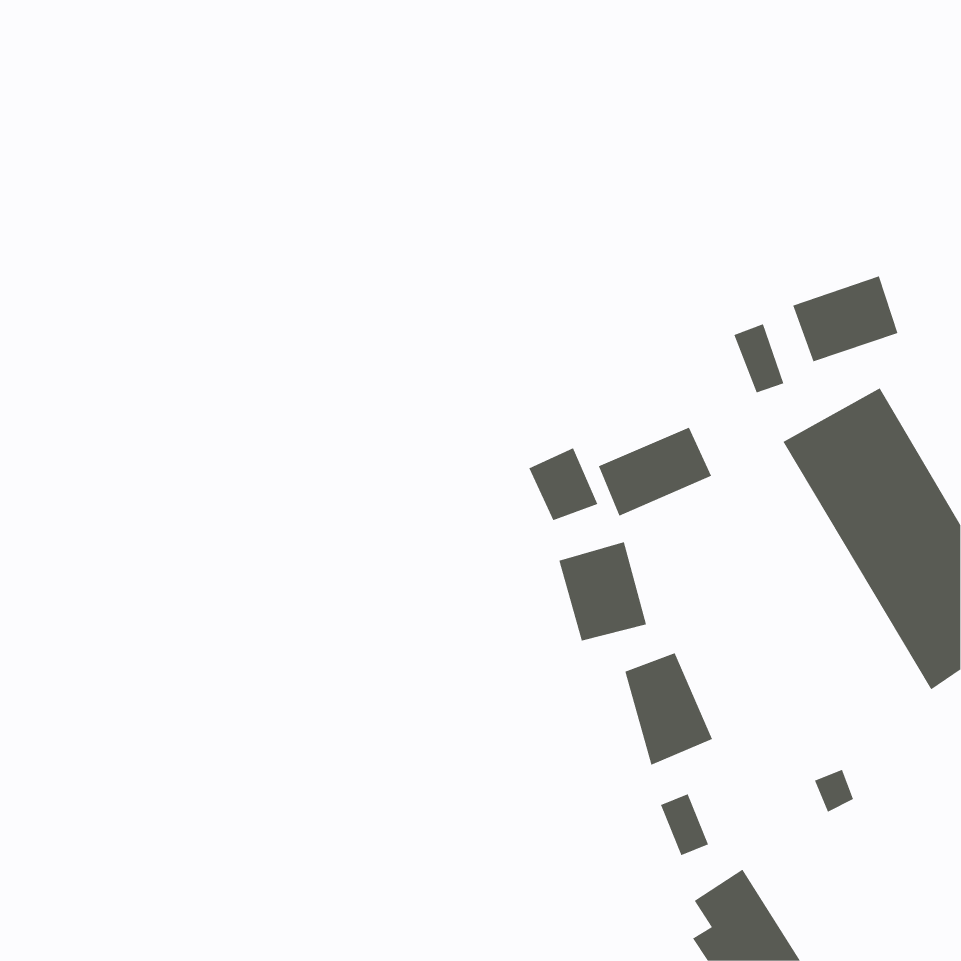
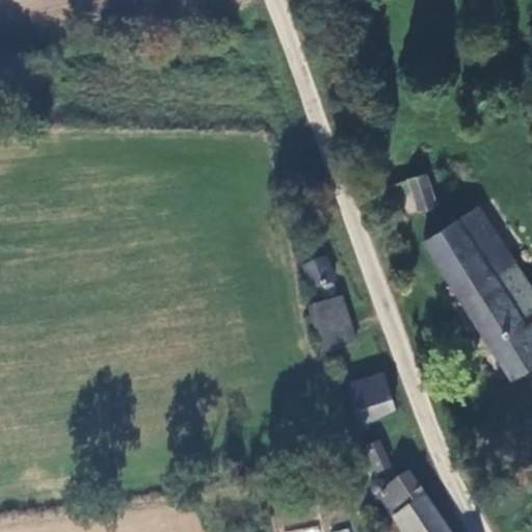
building: [793,275,898,362] -> none
building: [598,427,712,516] -> none

